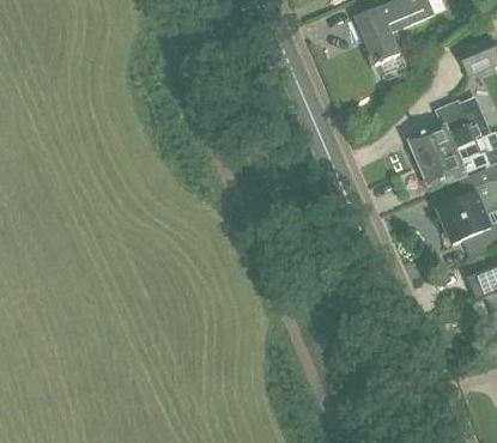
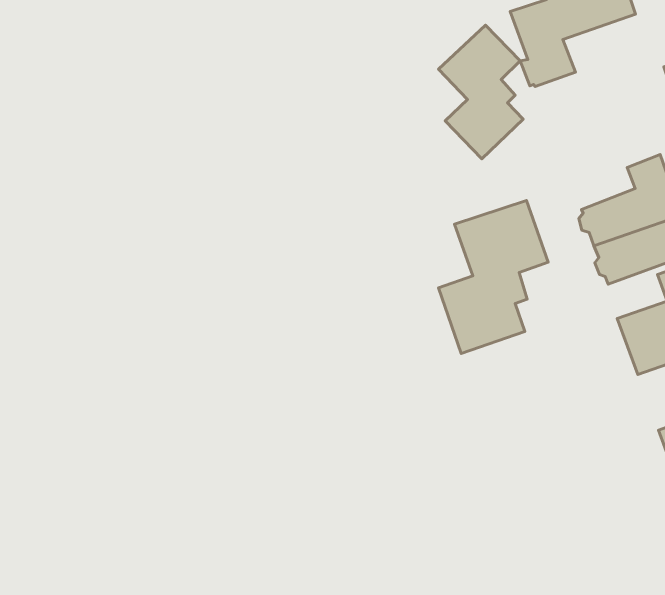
building: none -> [438,25,523,159]
building: none -> [438,200,548,354]

